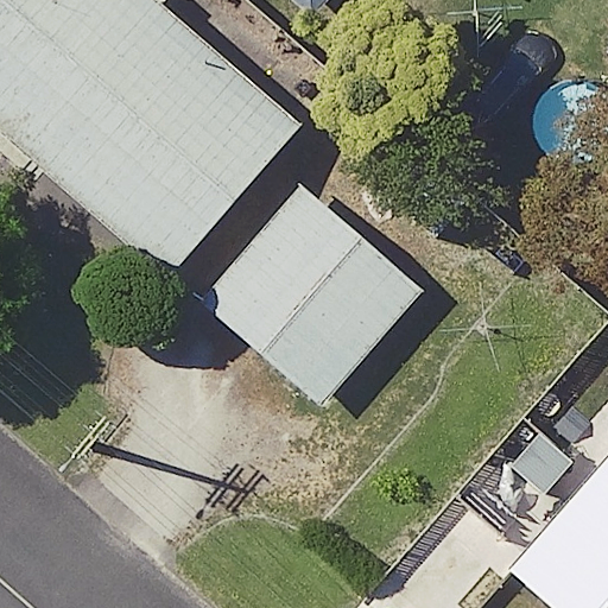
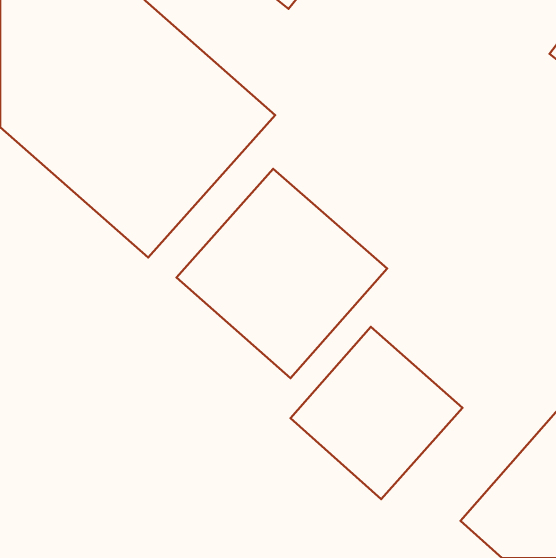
building: none -> [291,327,462,499]

